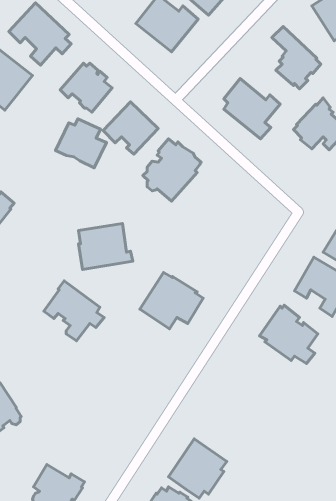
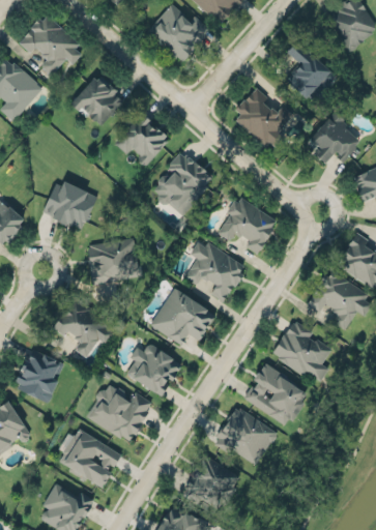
building: [55,119,107,168] -> [41,178,93,228]
building: none -> [216,198,277,255]
building: none -> [184,241,243,300]
building: none -> [125,345,181,396]
building: none -> [13,350,63,404]
building: none -> [242,366,308,426]
building: none -> [88,383,151,439]
building: none -> [212,406,277,464]
building: none -> [59,428,121,487]

